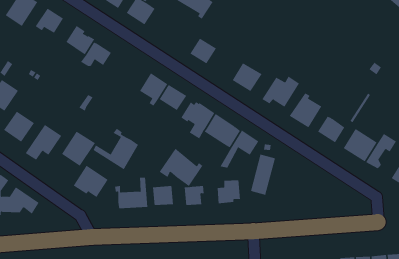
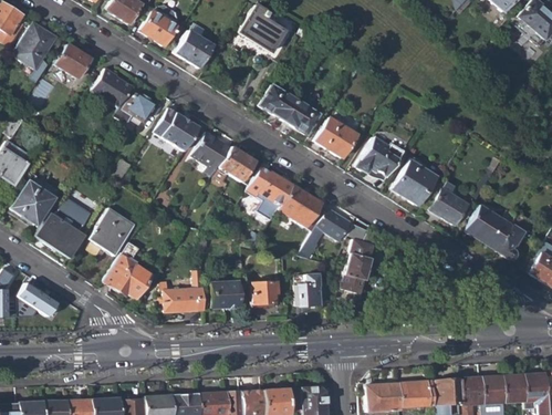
building: none -> [283,98,320,134]
building: none -> [154,107,201,152]
building: [93,128,139,170] -> none
building: [159,148,203,187] -> none

